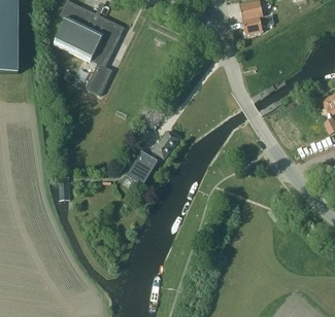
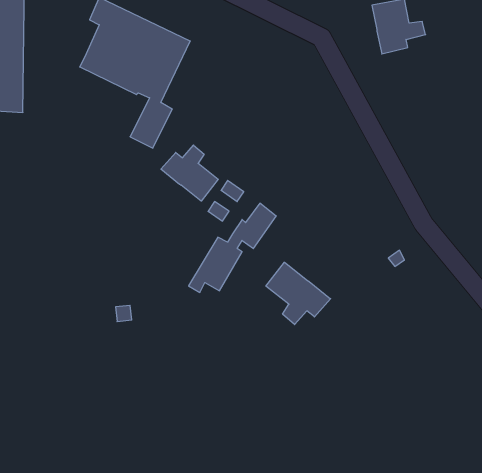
building: none -> [161,145,218,201]
building: none -> [266,262,331,325]

